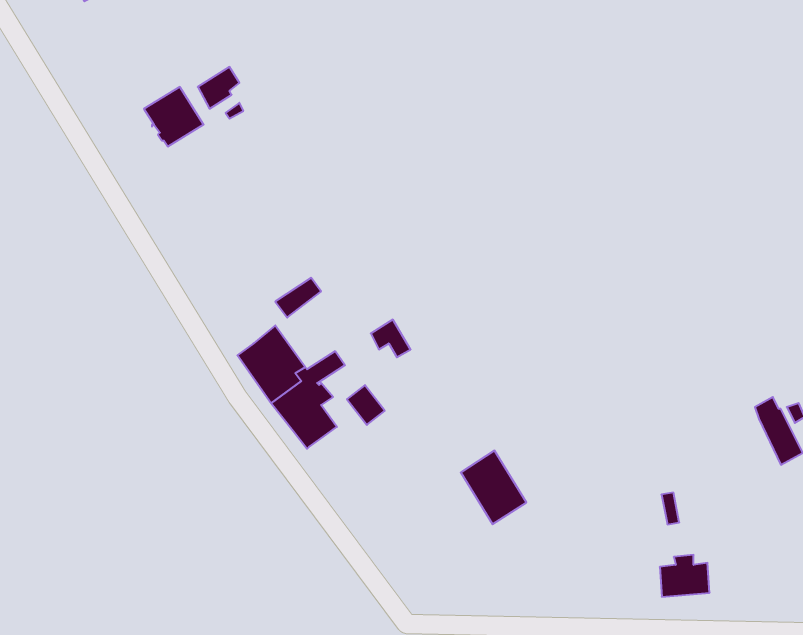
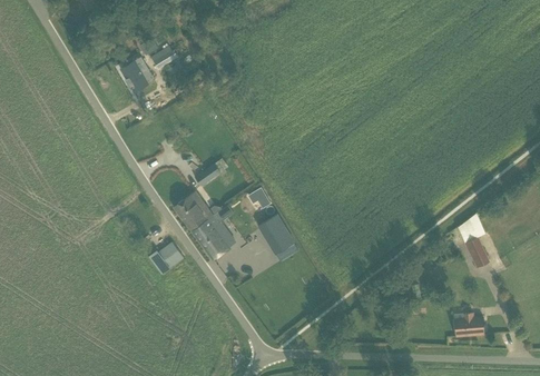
building: none -> [149,241,184,273]
building: [461,451,526,524] -> [258,212,295,254]
building: [660,555,710,597] -> [455,311,483,335]

